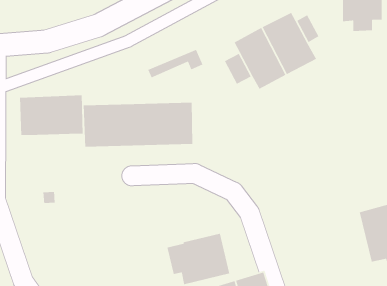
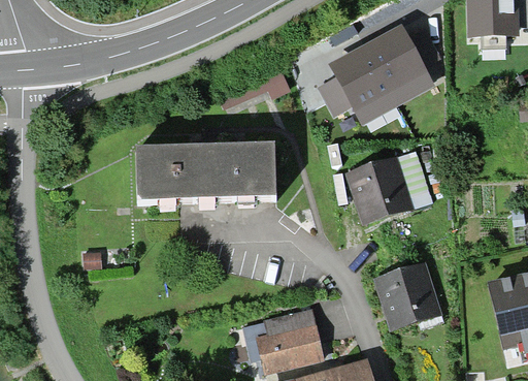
building: [19,94,84,136] -> none
building: none -> [348,152,433,226]
building: none -> [372,263,441,331]

